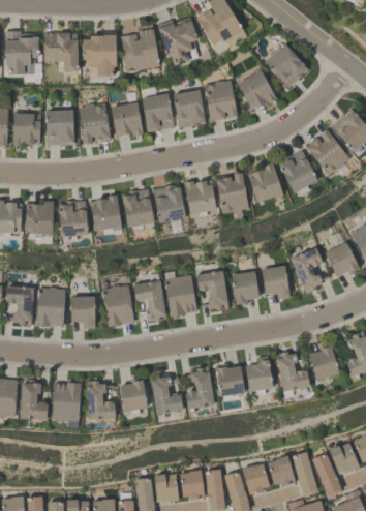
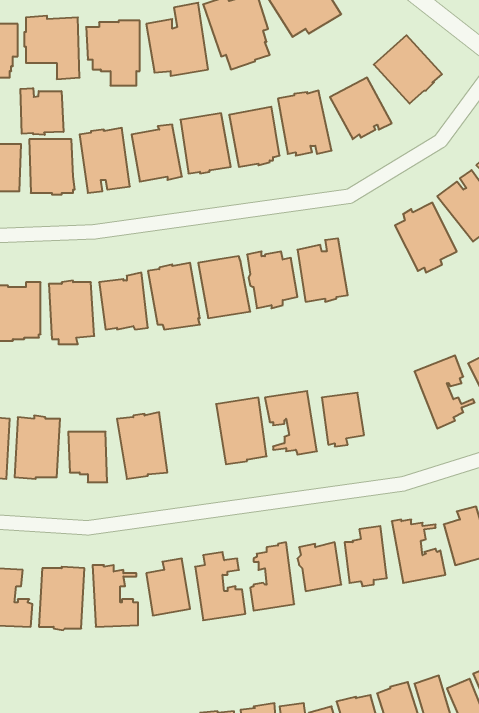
building: none -> [20,88,63,135]
building: [247,163,283,203] -> none
building: [262,266,289,299] -> none
building: [133,280,165,321] -> none

